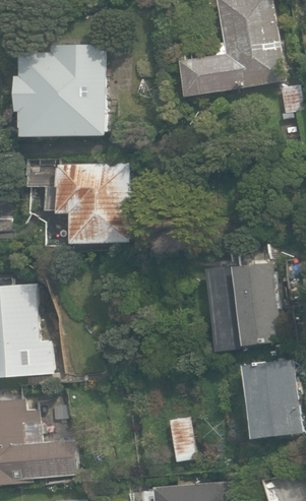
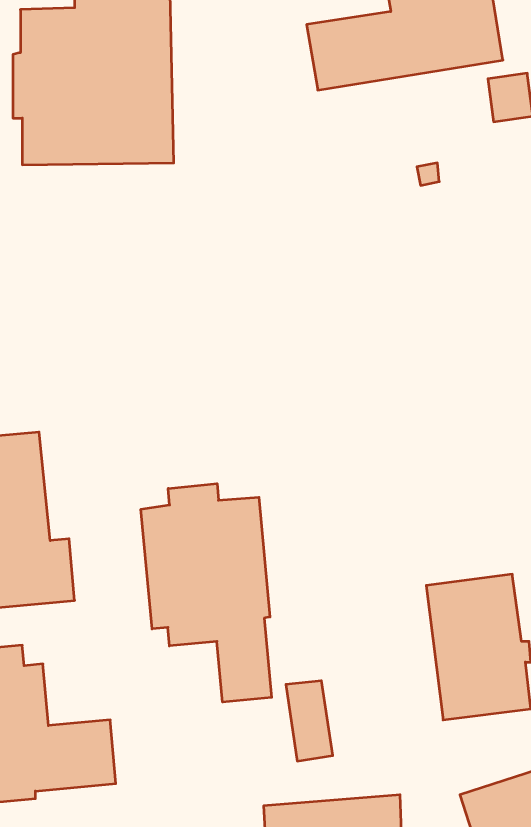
building: [52,159,126,239] -> none
building: [202,264,281,352] -> none
building: none -> [141,484,272,702]

